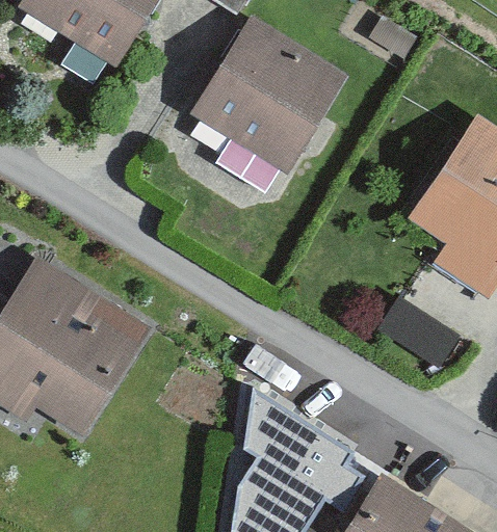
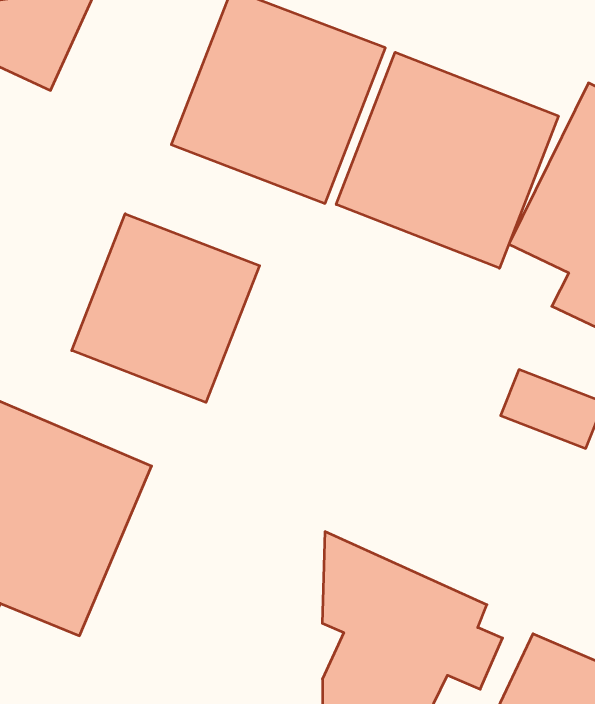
building: none -> [336,52,558,268]
building: none -> [72,214,260,402]

